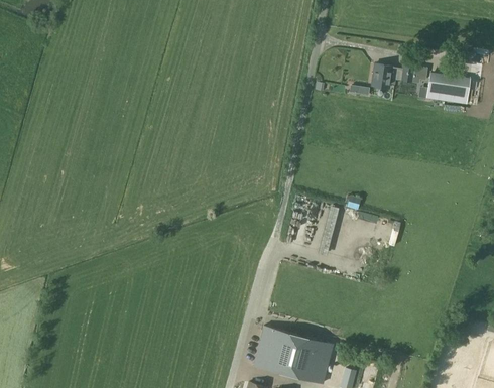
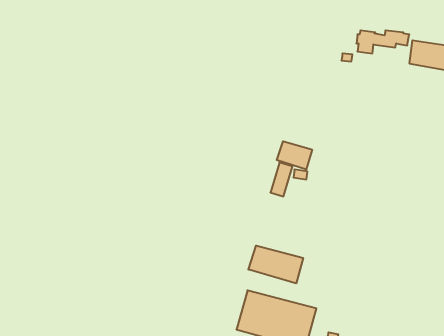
building: none -> [277,141,312,170]
building: none -> [248,246,303,283]

